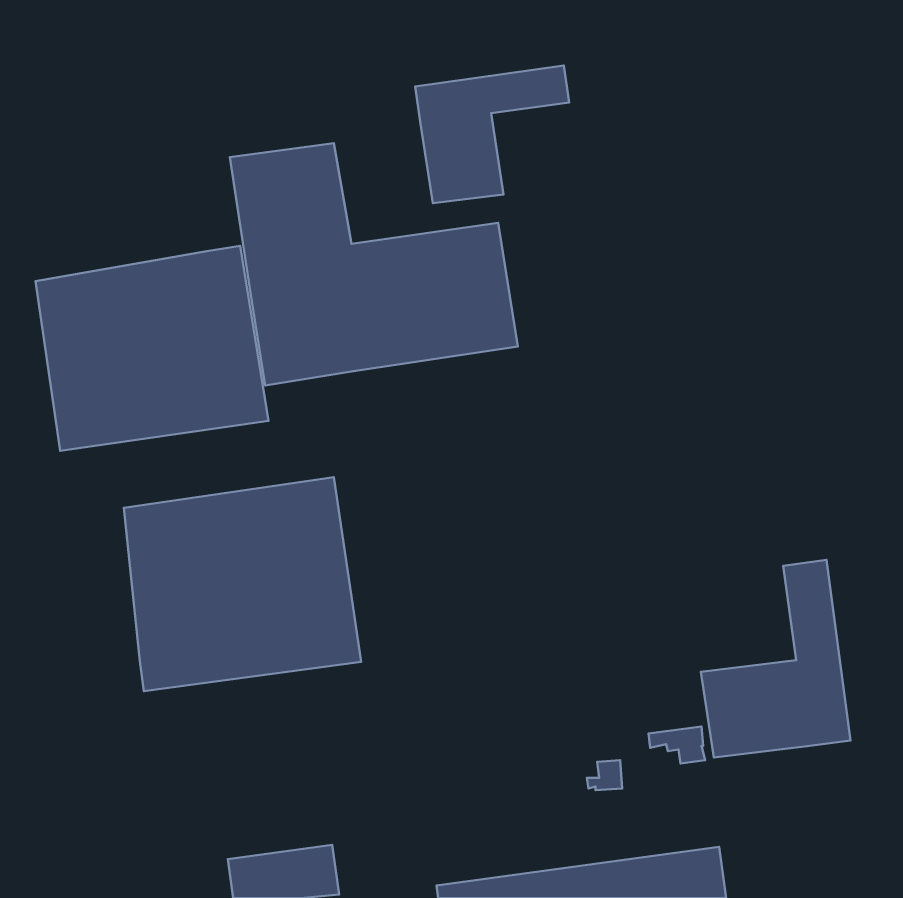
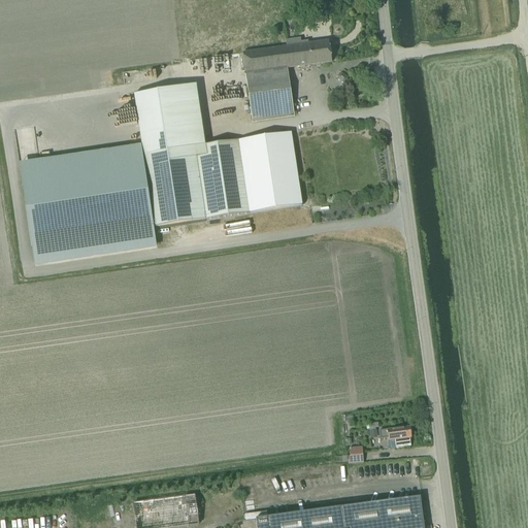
building: [124,477,361,691] -> none
building: [701,560,850,758] -> none

